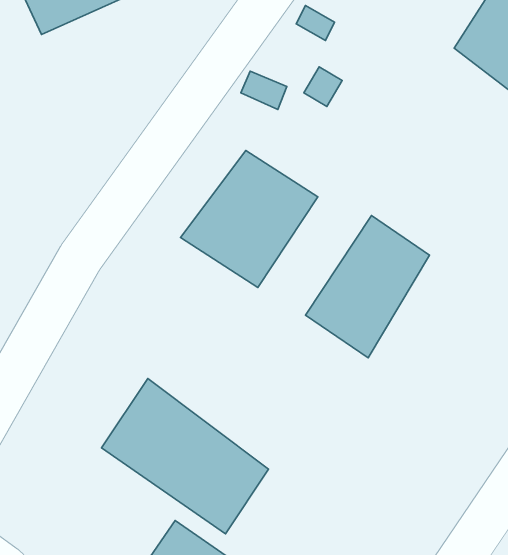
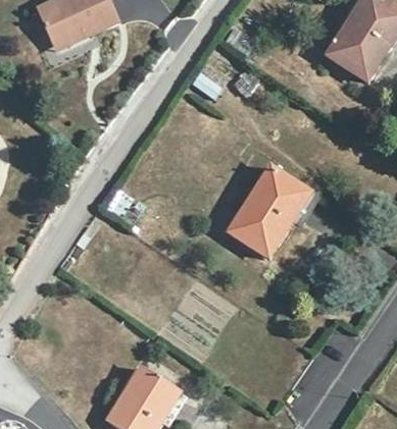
building: [180,151,318,288] -> none
building: [101,378,268,534] -> none

